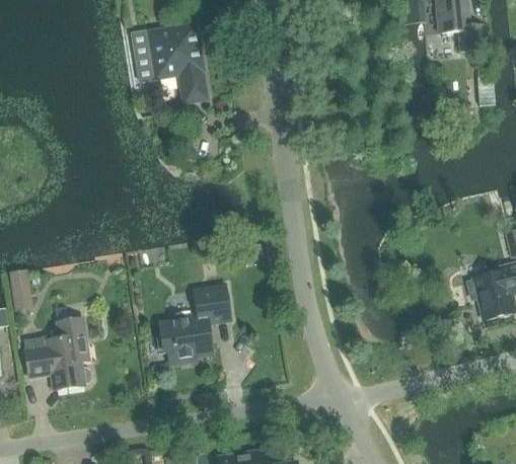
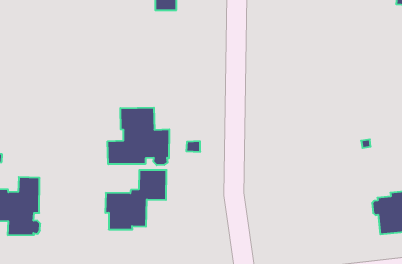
building: none -> [108,108,169,165]

